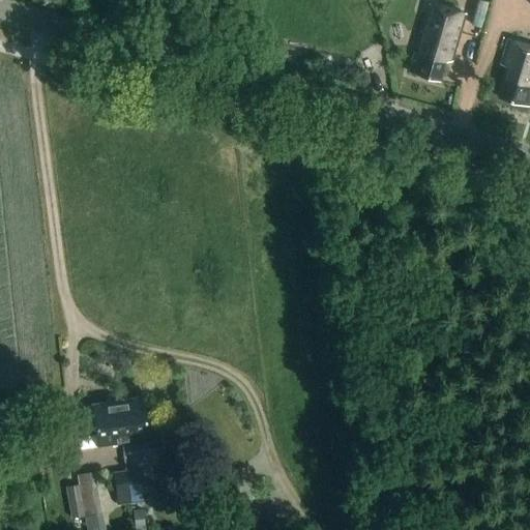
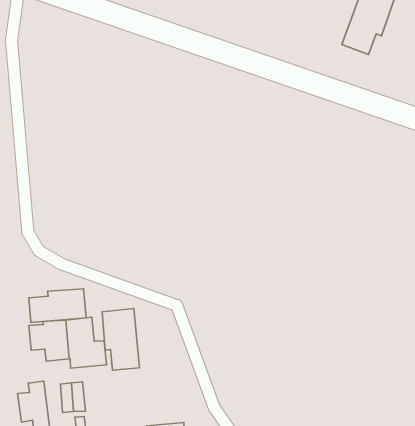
building: none -> [29,289,86,322]
building: none -> [102,308,140,370]

